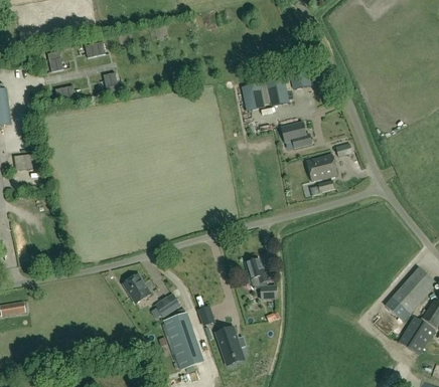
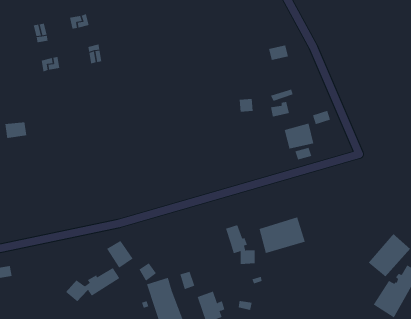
building: [265,78,289,107] -> none
building: [241,83,264,112] -> none
building: none -> [259,216,305,254]
building: none -> [65,267,120,302]

